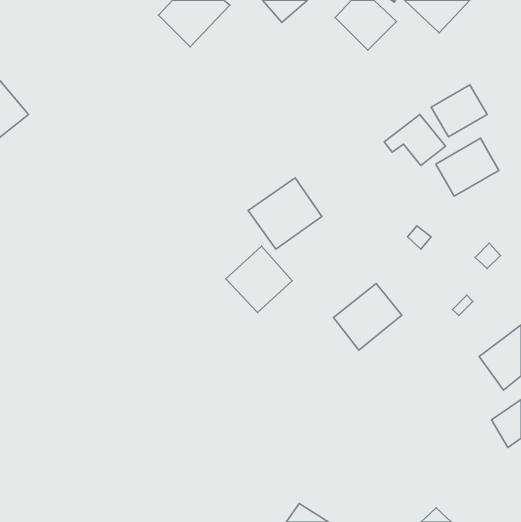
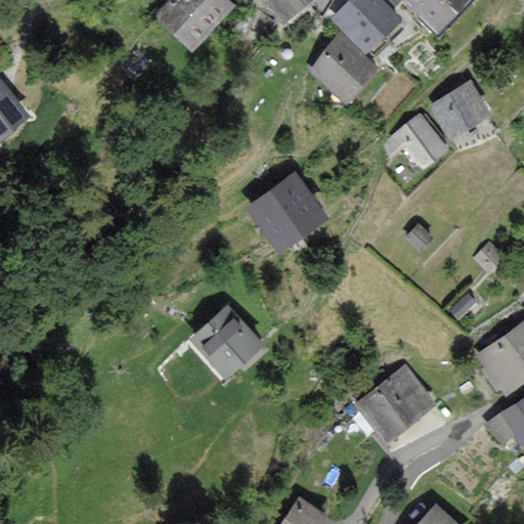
building: none -> [313,40,374,99]
building: [436,138,499,196] -> none
building: [226,246,292,313] -> [192,307,259,374]
building: [333,284,402,350] -> [363,370,432,437]

